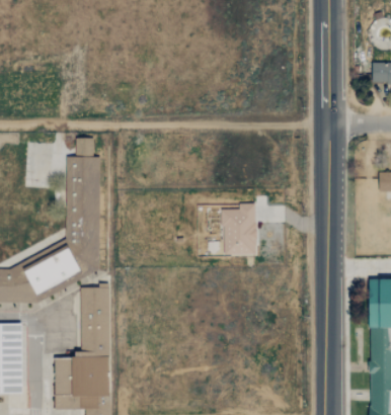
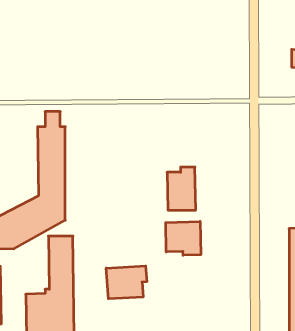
building: none -> [166,221,201,255]
building: none -> [106,266,147,299]

